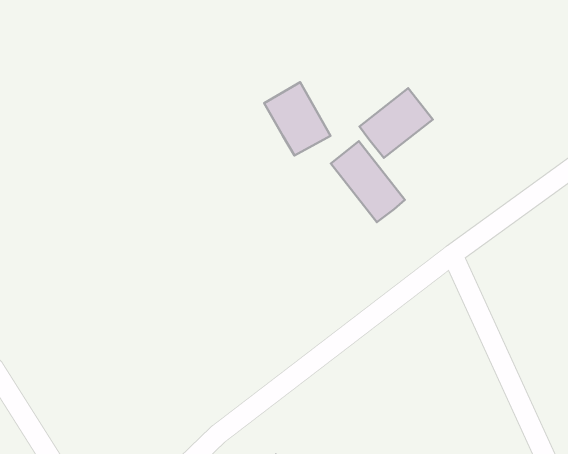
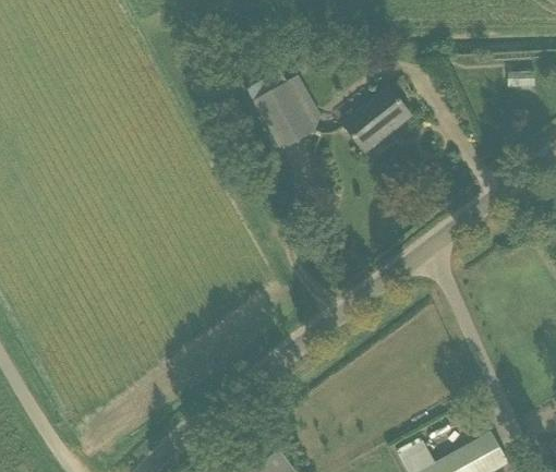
building: [331,141,405,222] -> none

